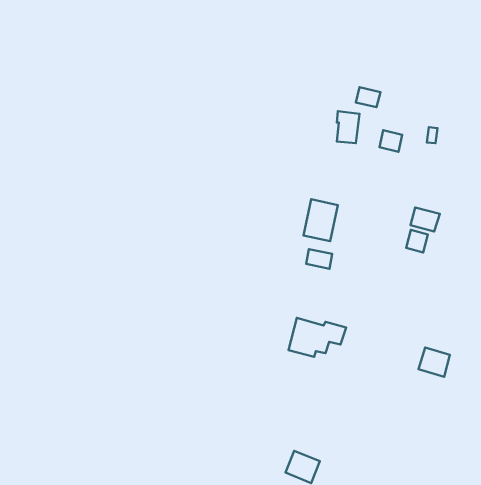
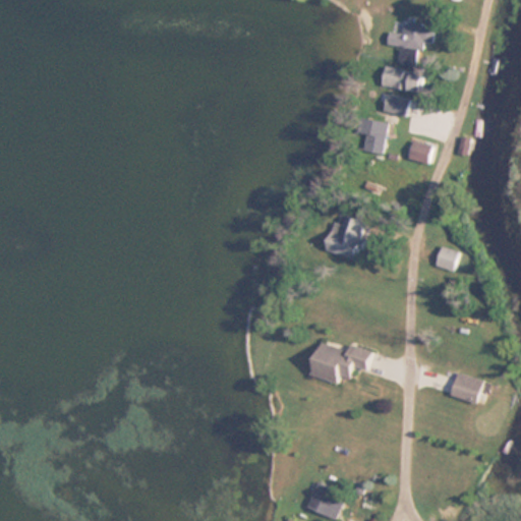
building: none -> [380,21,432,92]
building: [411,207,440,231] -> none
building: [306,249,332,269] -> none

